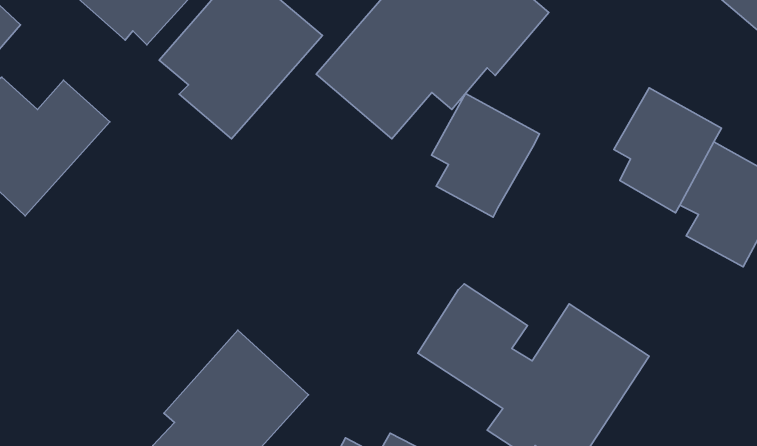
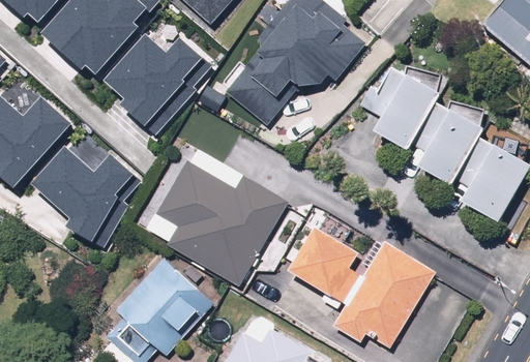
building: [432,94,539,217] -> [369,60,441,143]
building: none -> [39,141,142,240]
building: none -> [152,161,290,293]

